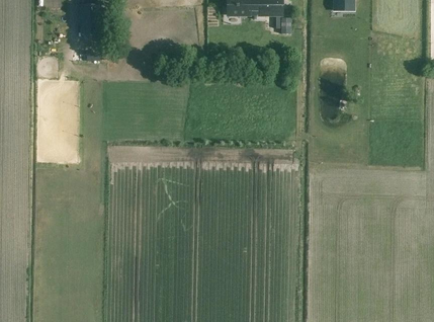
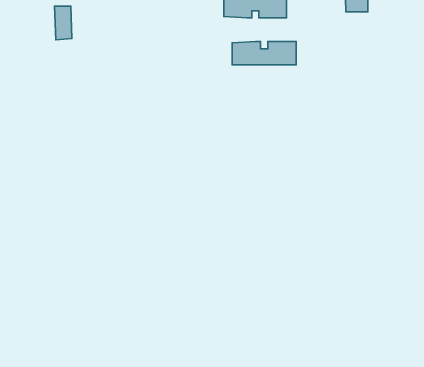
building: none -> [232,42,296,65]

